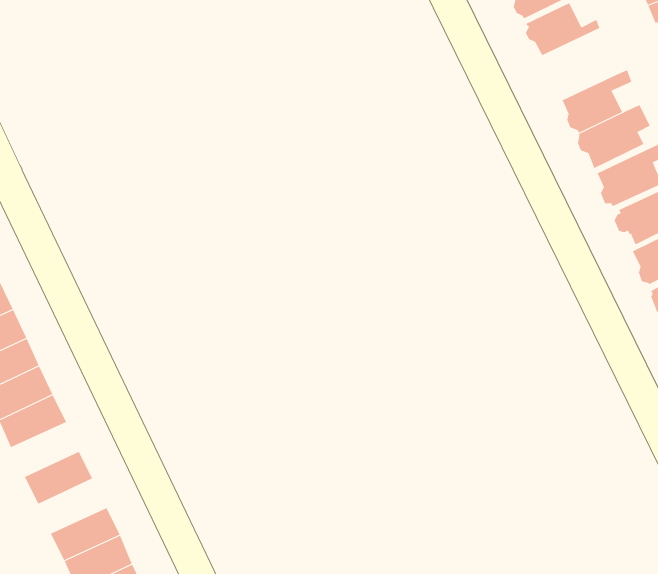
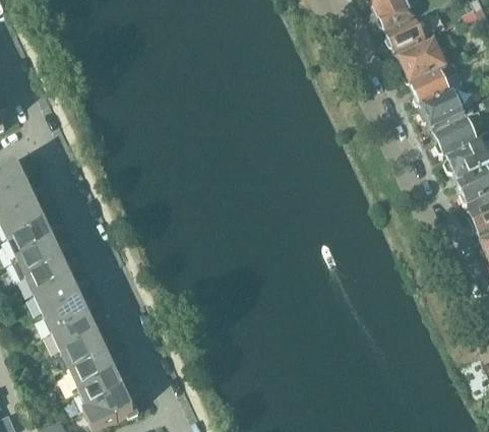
building: none -> [398,30,453,80]
building: none -> [43,295,88,331]
building: none -> [61,332,107,369]

